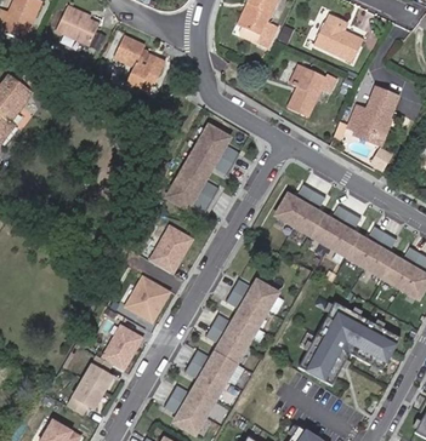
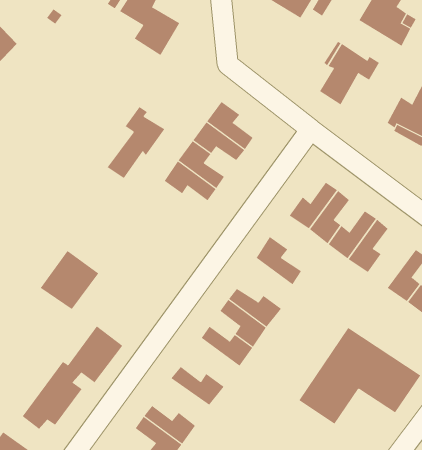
building: none -> [107,106,165,179]
building: [148,224,194,275] -> none
building: [345,224,382,265] -> none
building: none -> [256,236,302,285]
building: [124,275,172,325] -> [40,250,99,310]
building: [203,323,245,362] -> none
building: [182,360,223,397] -> none

